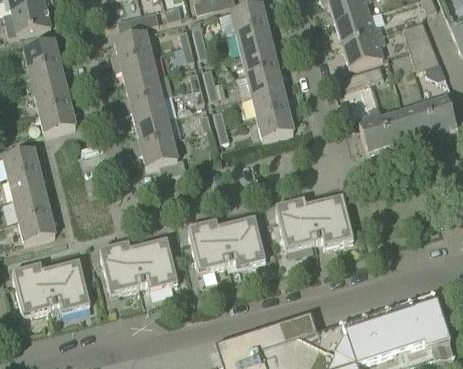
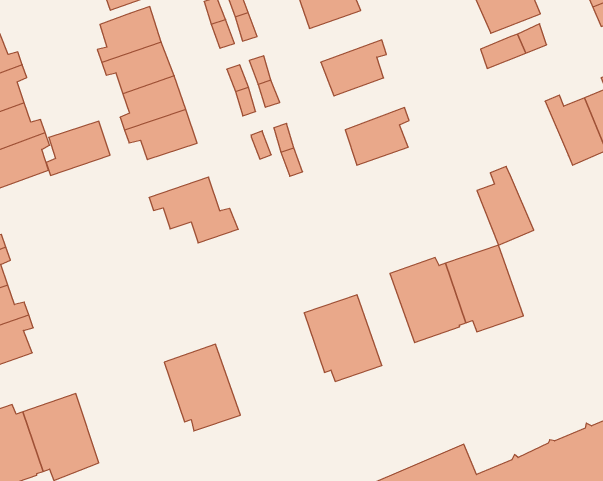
building: [241,47,284,76] -> none
building: [252,89,294,118] -> none
building: [358,106,390,153] -> [477,166,534,245]
building: [133,118,172,148] -> [46,121,110,175]
building: [188,222,231,272] -> none
building: [100,243,144,294] -> none

